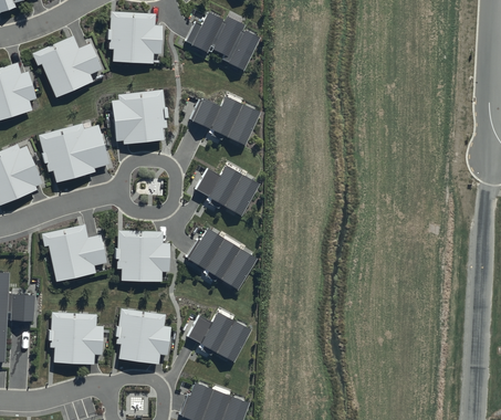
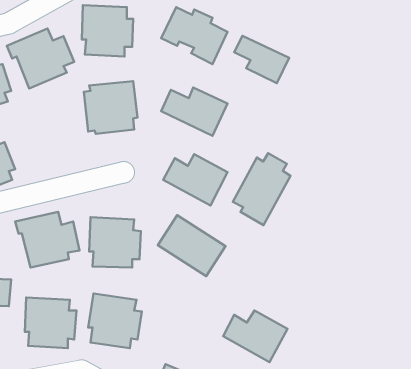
building: none -> [234,36,289,83]
building: [39,124,108,181] -> none
building: none -> [233,153,290,225]
building: [187,311,253,364] -> [223,311,288,362]

